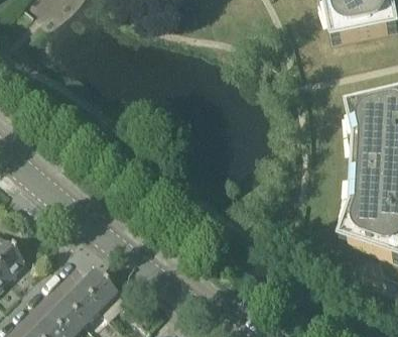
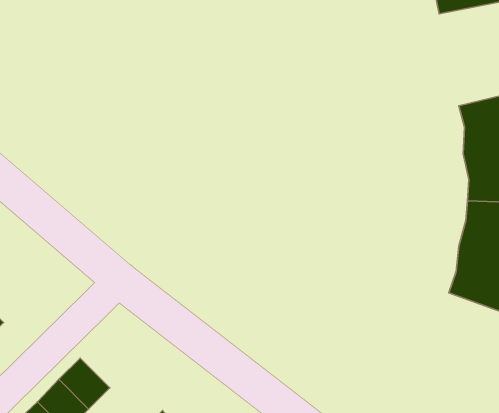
building: [79,265,124,313] -> none

